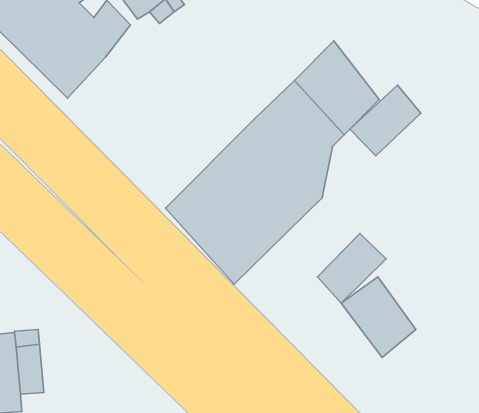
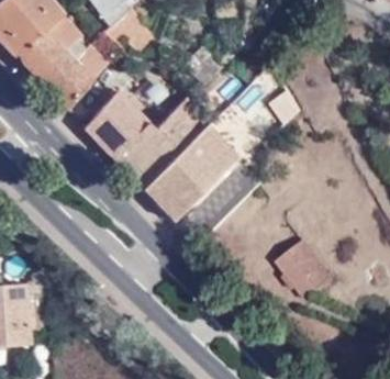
building: none -> [82,92,208,188]
building: [350,85,421,156] -> none
building: [318,233,386,303] -> none

